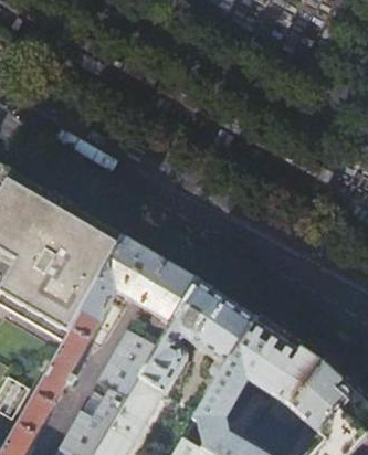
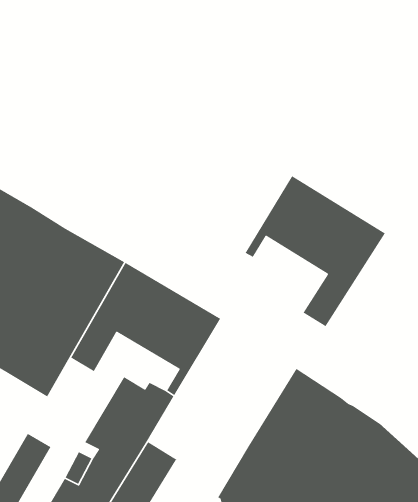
building: none -> [244,175,386,327]
building: [139,283,255,396] -> none
building: [45,314,97,385] -> none

